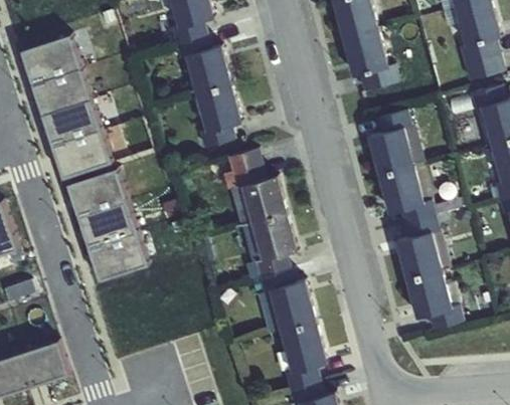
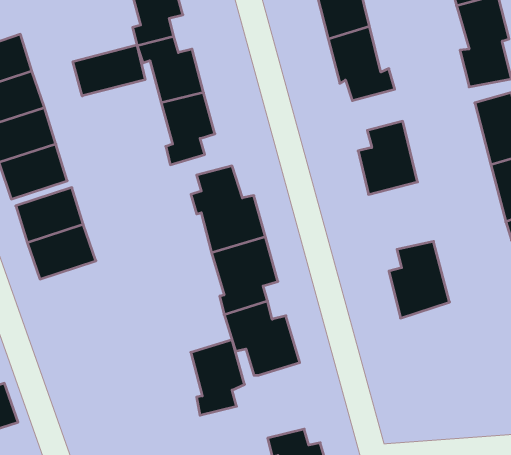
building: none -> [73,45,145,96]
building: [377,163,435,222] -> none
building: [89,232,148,280] -> none
building: [405,268,462,329] -> none
building: [281,322,328,388] -> [191,340,245,415]

